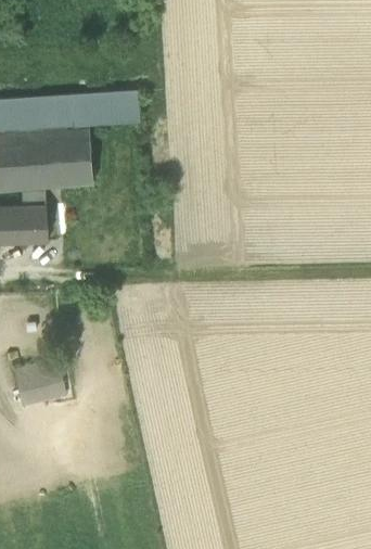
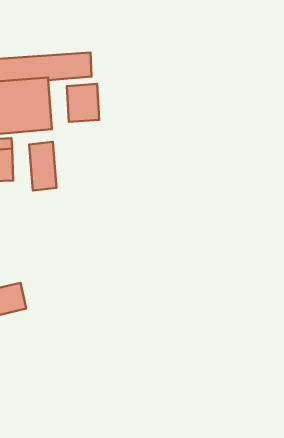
building: none -> [67,84,99,122]
building: none -> [29,142,56,190]

